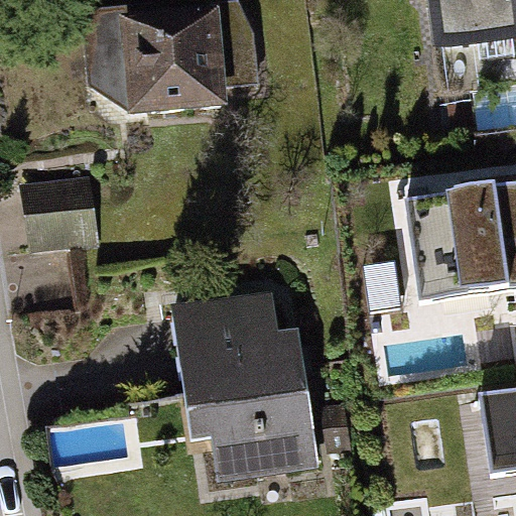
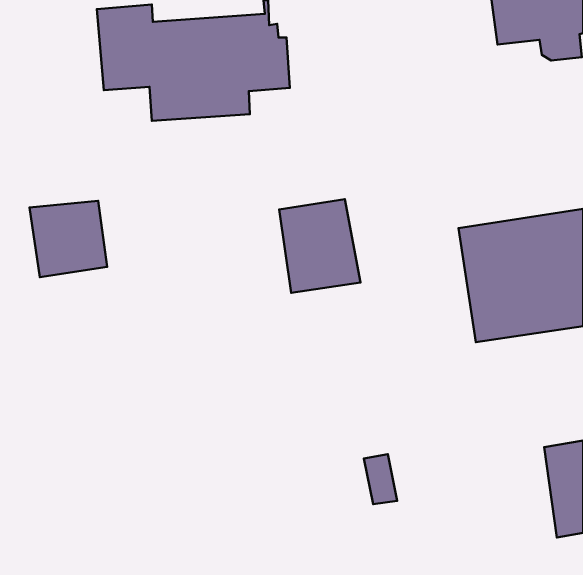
building: none -> [279,199,360,293]
building: [173,299,316,475] -> none

